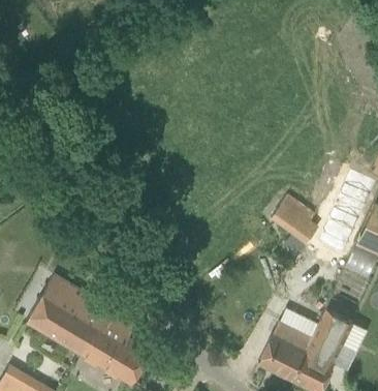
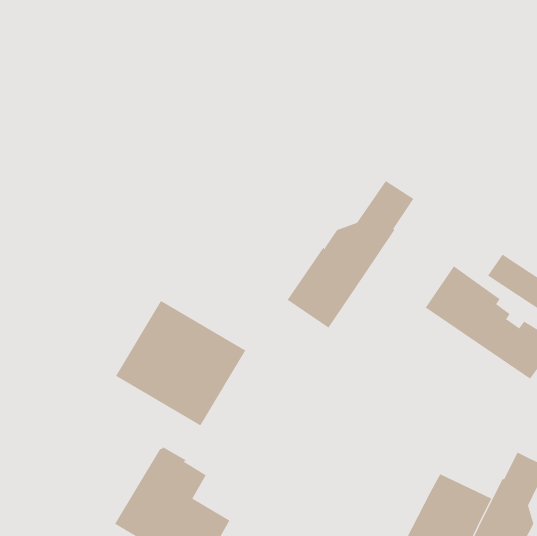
building: none -> [287,180,414,328]
building: [26,274,106,352] -> [115,300,246,426]

